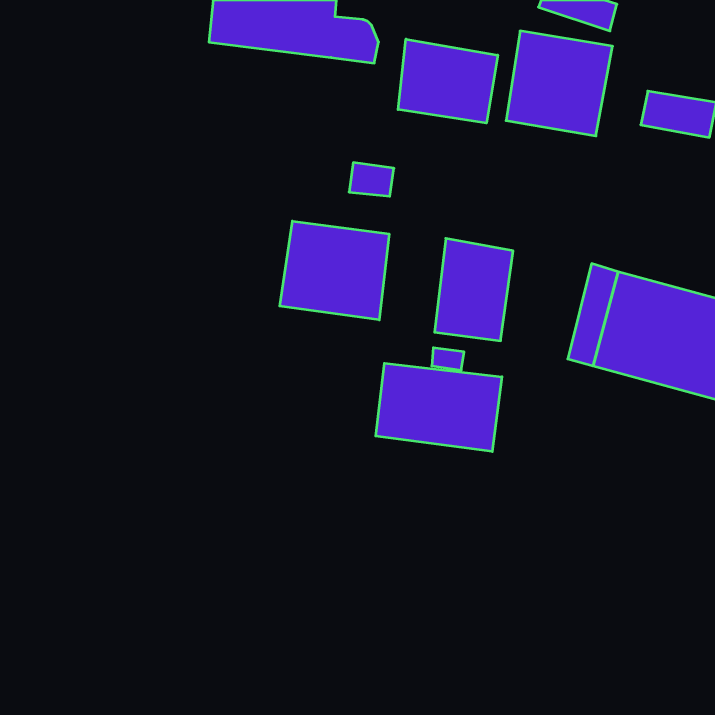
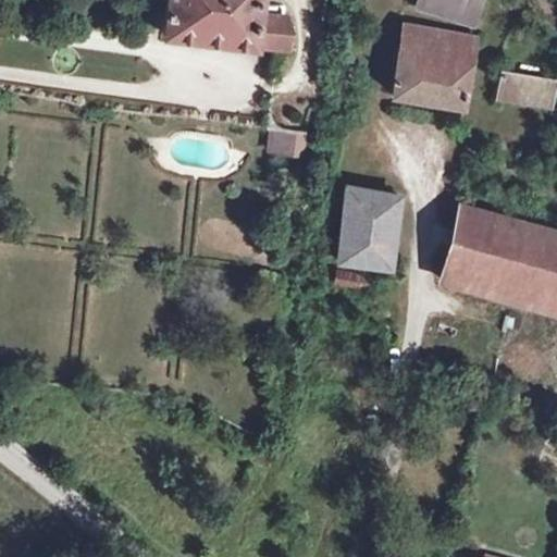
building: [398,39,498,123] -> none
building: [280,221,389,320] -> none
building: [376,363,502,452] -> none

